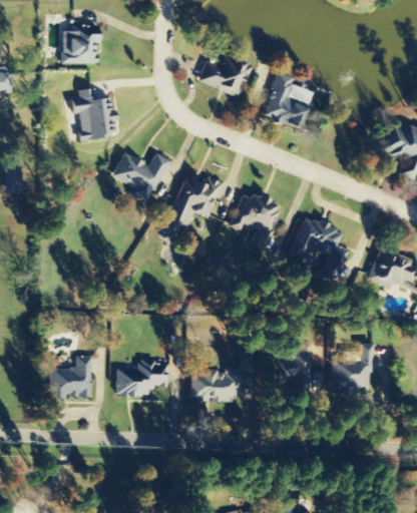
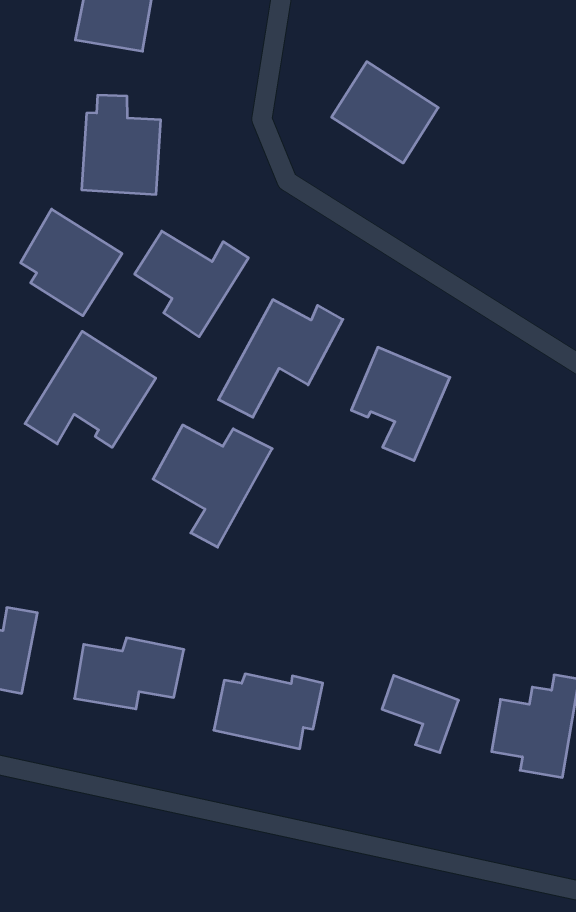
building: [262,71,310,127] -> none
building: none -> [21,209,122,316]
building: none -> [25,331,156,447]
building: [292,217,348,280] -> none
building: none -> [153,425,272,547]

